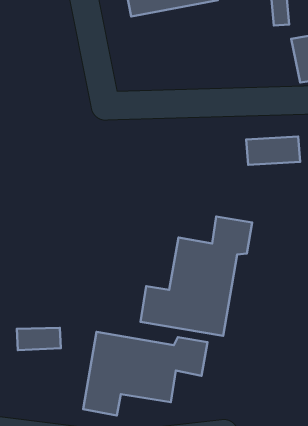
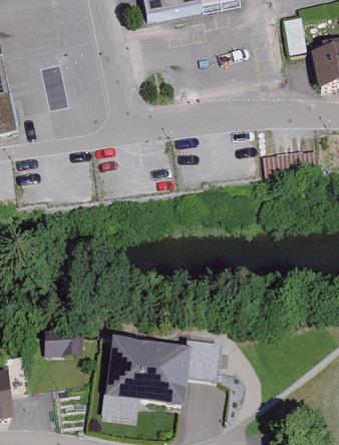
building: [141,217,252,336] -> none

